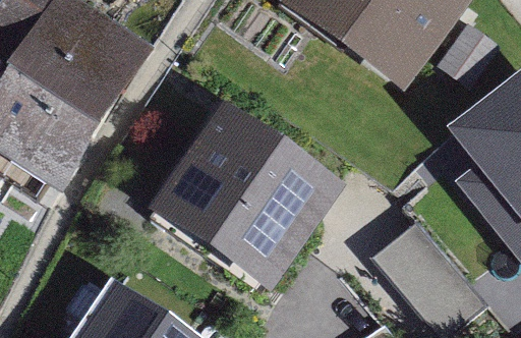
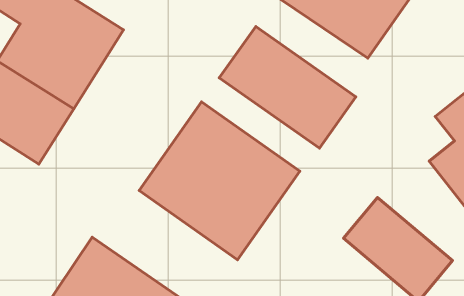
building: none -> [219,27,356,148]

